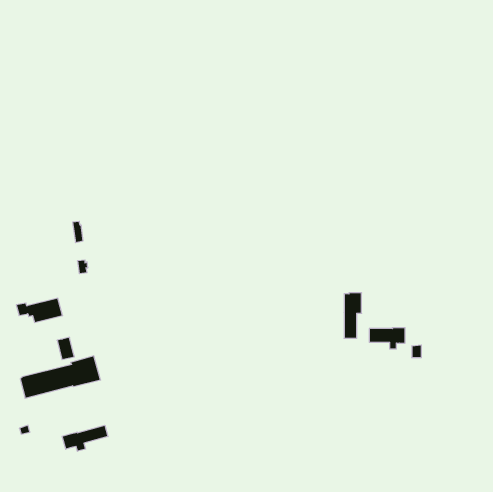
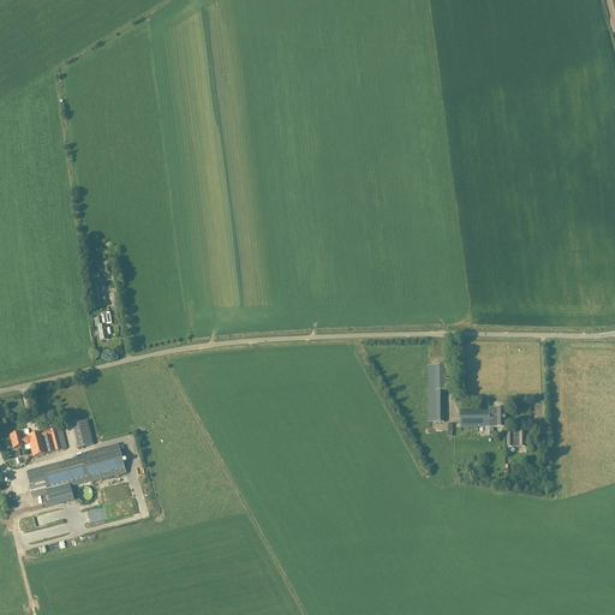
building: [16,298,63,322] -> [8,425,66,455]
building: [62,425,108,451] -> none

